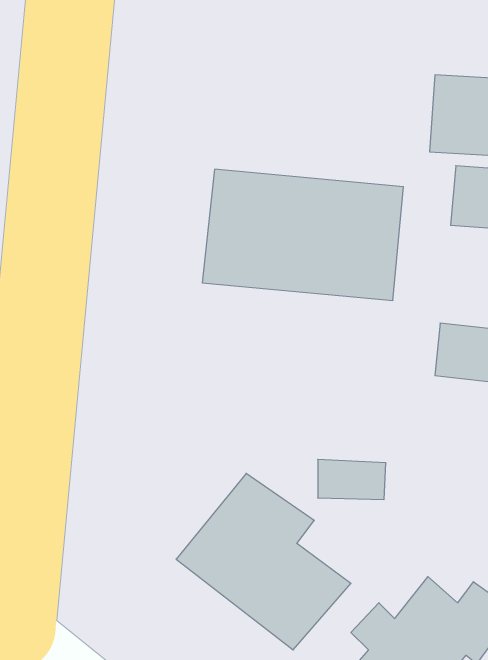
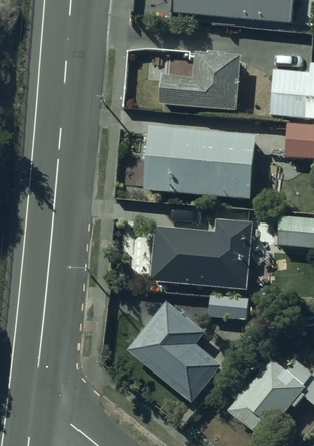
building: none -> [156,51,239,110]
building: none -> [147,219,251,289]

